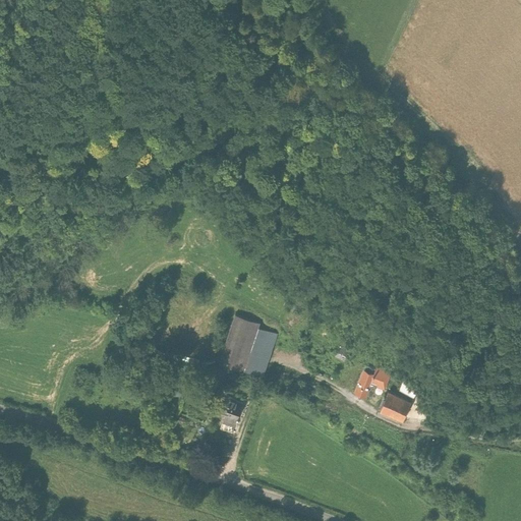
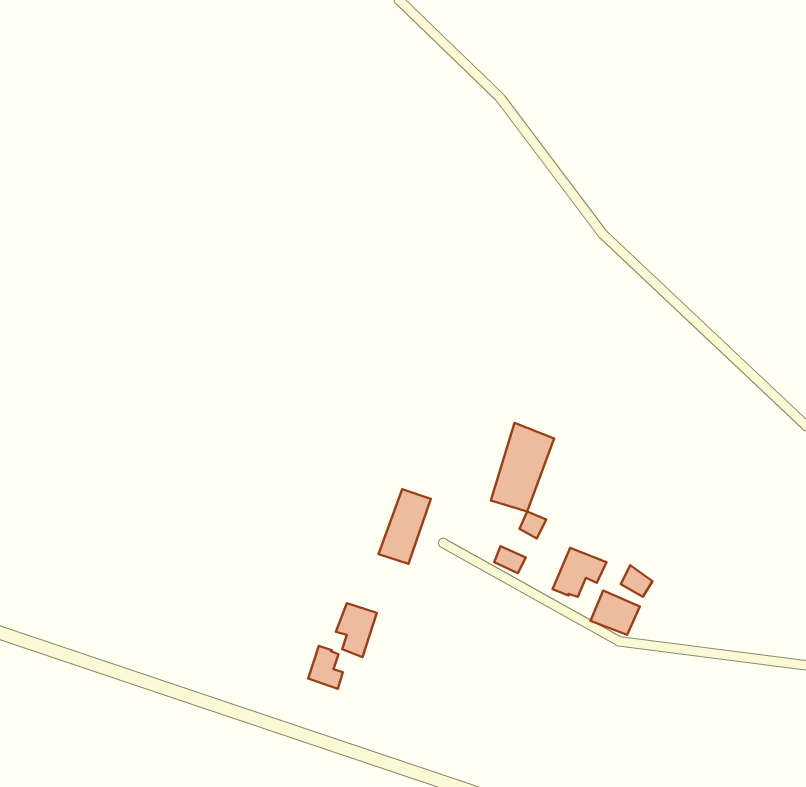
building: [220,313,260,370] -> [491,423,554,511]
building: none -> [308,646,343,689]

